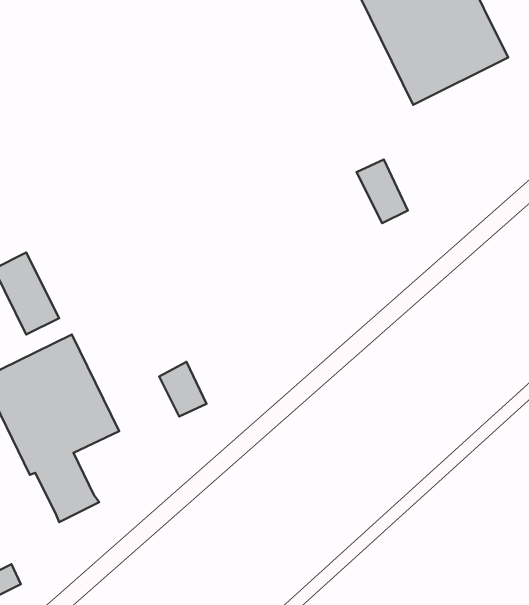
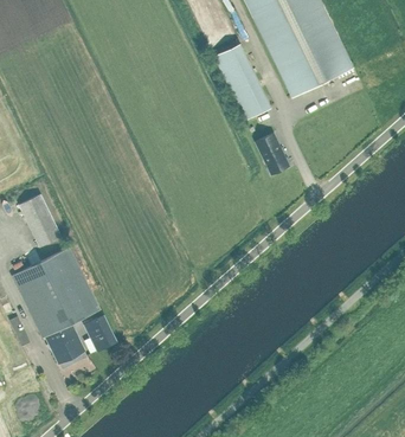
building: none -> [213,43,270,120]
building: [159,362,207,417] -> [85,314,116,349]

